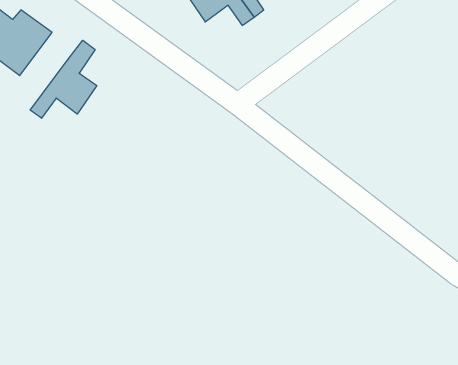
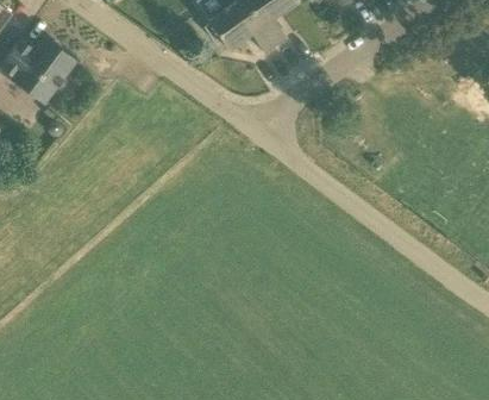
building: [30,40,97,118] -> none

